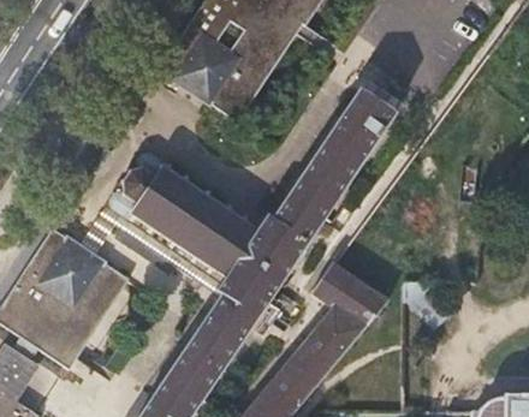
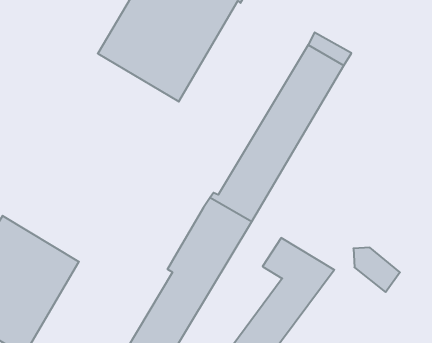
building: [111,153,256,276] -> none

